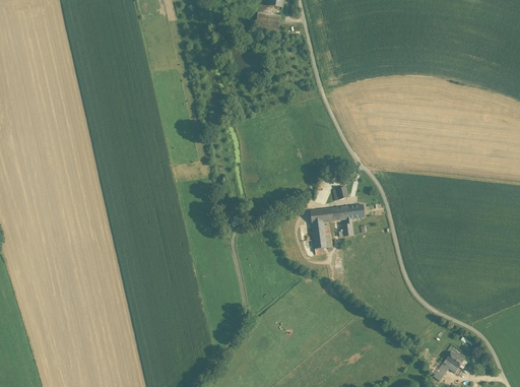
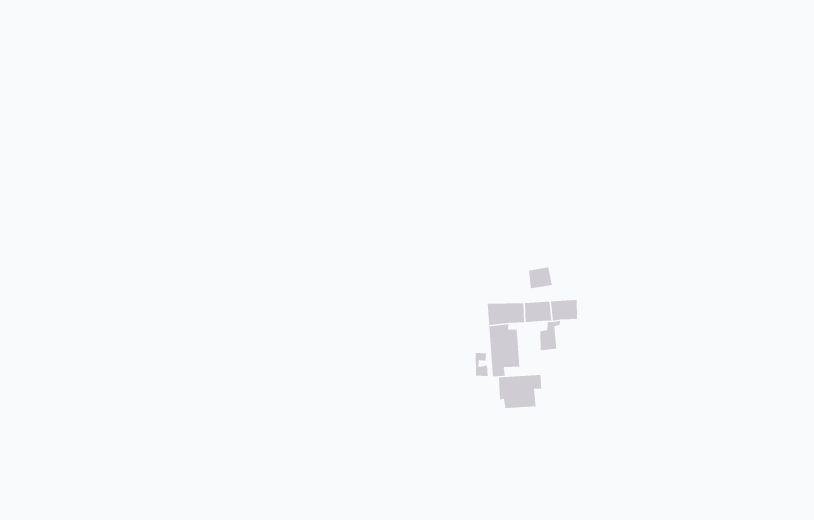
building: none -> [498,374,542,409]

